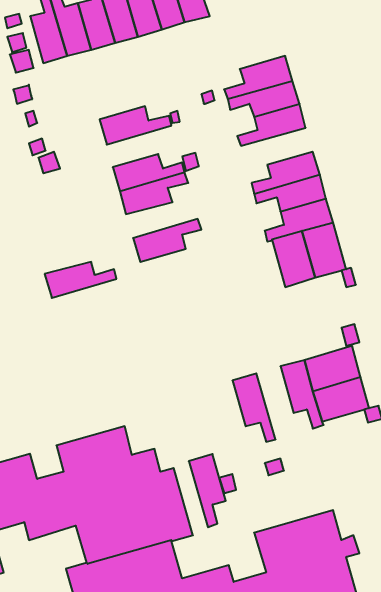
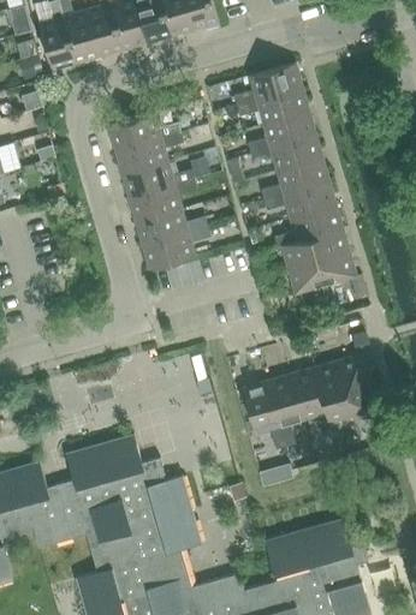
building: none -> [115,132,183,174]
building: none -> [250,135,322,172]
building: [45,262,116,298] -> [135,209,207,245]
building: [189,454,226,527] -> [266,374,303,447]

